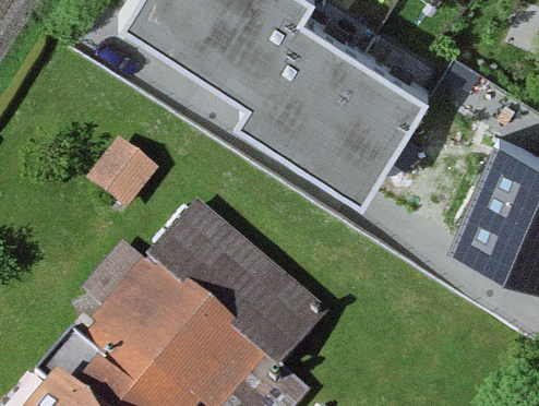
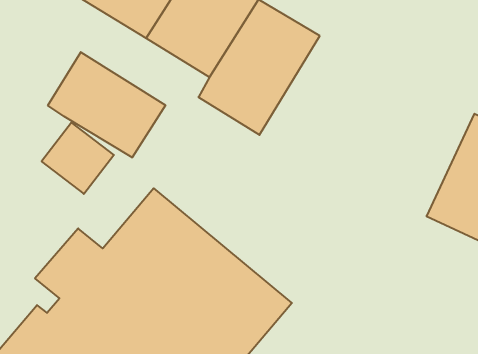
building: [300,52,422,188] -> none
building: none -> [48,52,165,158]

